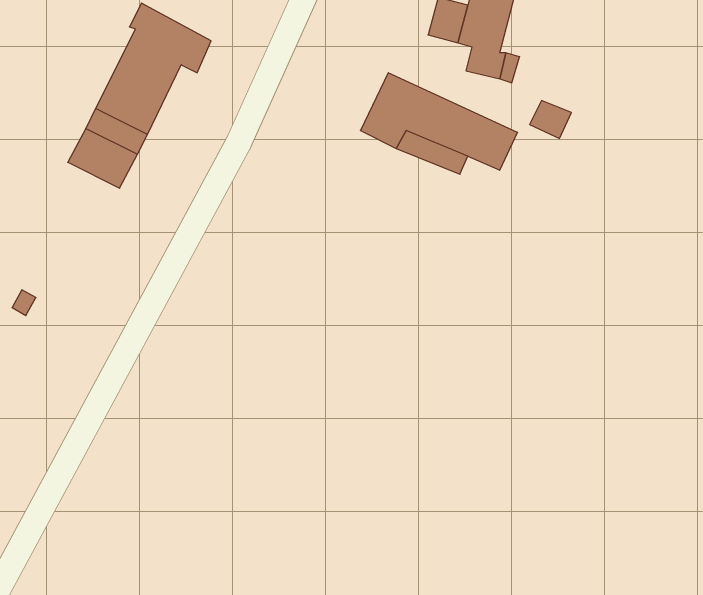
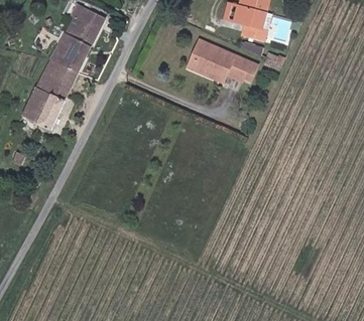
building: none -> [22,85,64,126]

